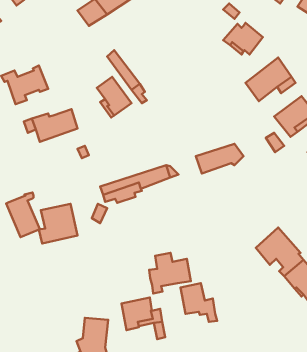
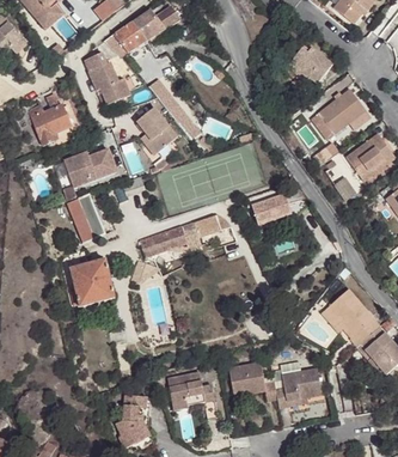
building: none -> [87,53,131,105]
building: [6,192,40,237] -> [67,190,106,243]
building: [149,253,191,293] -> [275,360,324,408]

